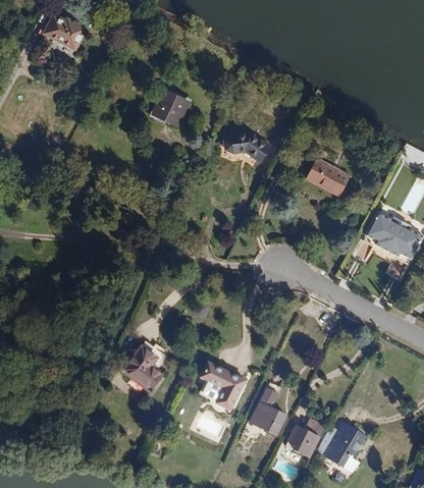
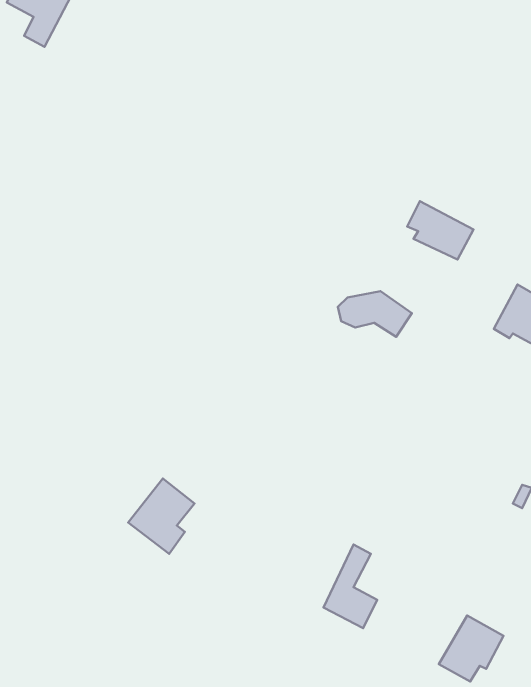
building: [156,92,190,125] -> none
building: [222,131,270,161] -> [338,291,412,337]
building: [209,364,245,406] -> none
building: [283,426,318,457] -> none

